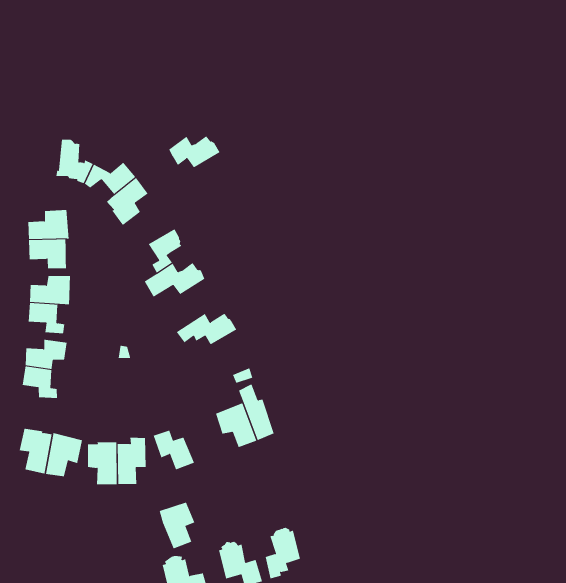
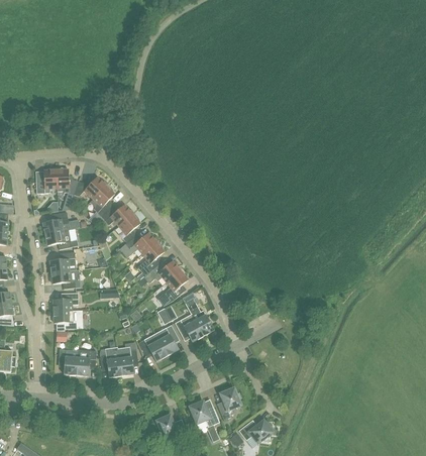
building: [168,135,221,168] -> [101,203,133,224]
building: none -> [35,167,57,192]
building: none -> [137,240,164,275]
building: none -> [156,268,188,305]
building: [159,502,195,549] -> [154,324,178,354]

